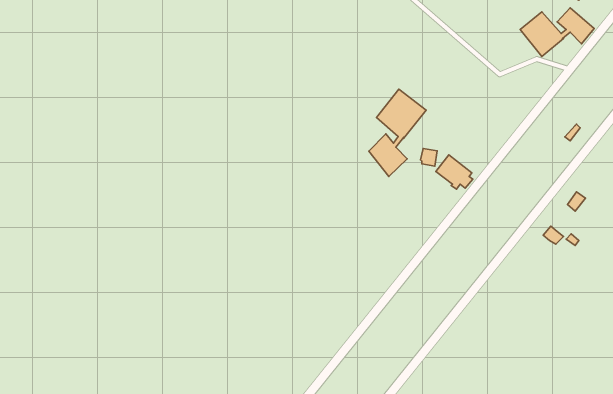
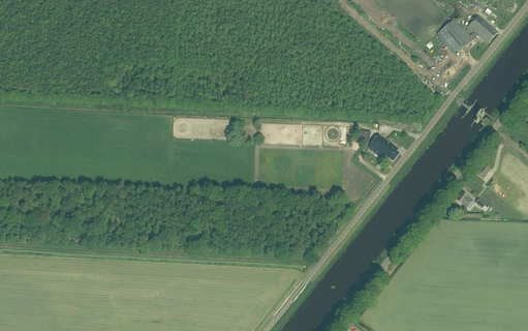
building: [369,89,426,176] -> none

